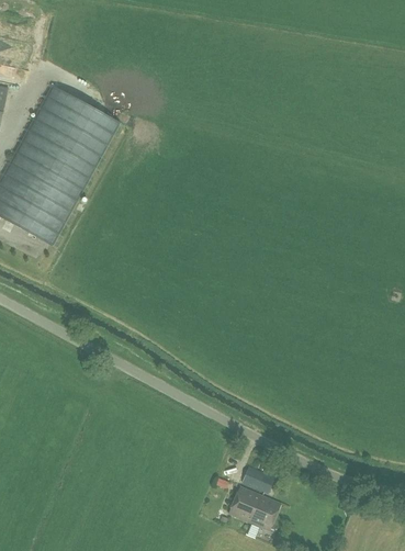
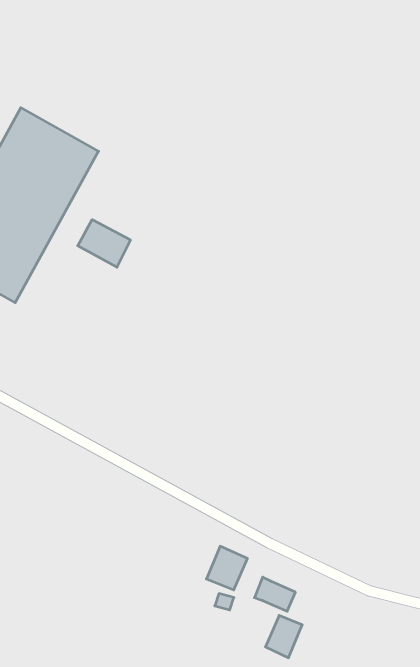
building: none -> [78,220,130,267]
building: [229,485,262,520] -> [206,546,247,590]

